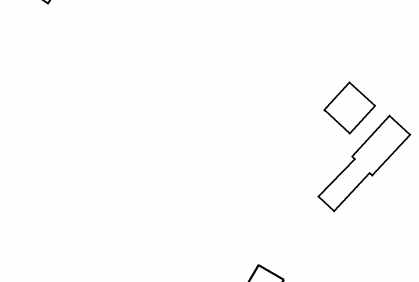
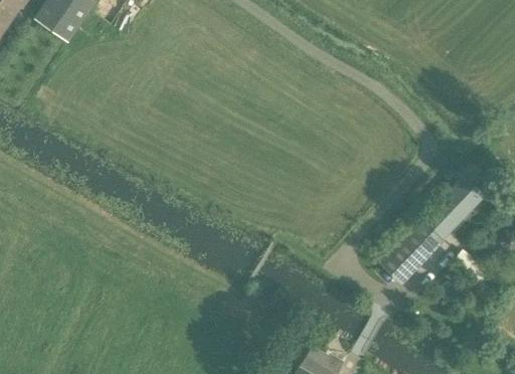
building: [324,82,375,134] -> none

